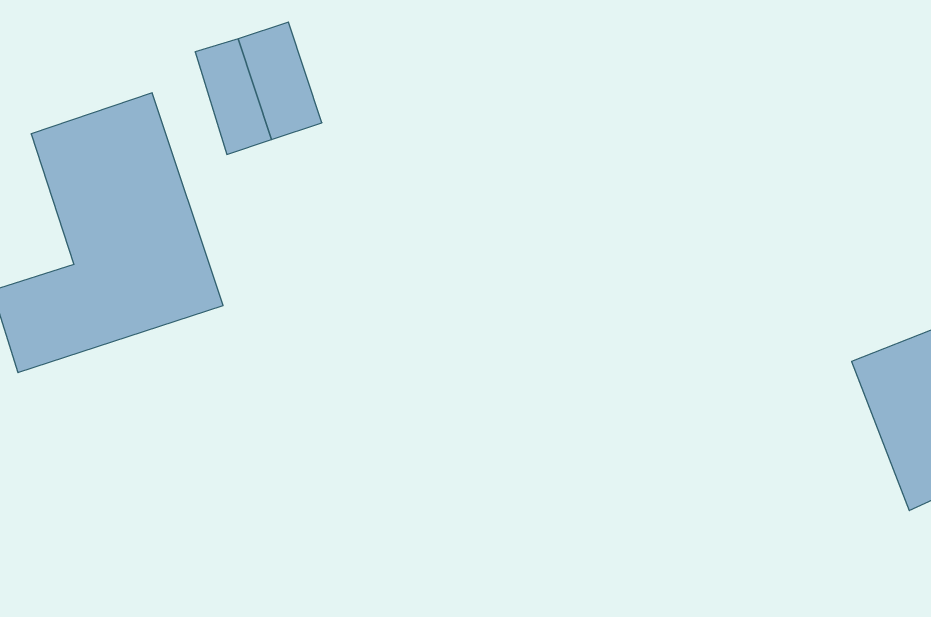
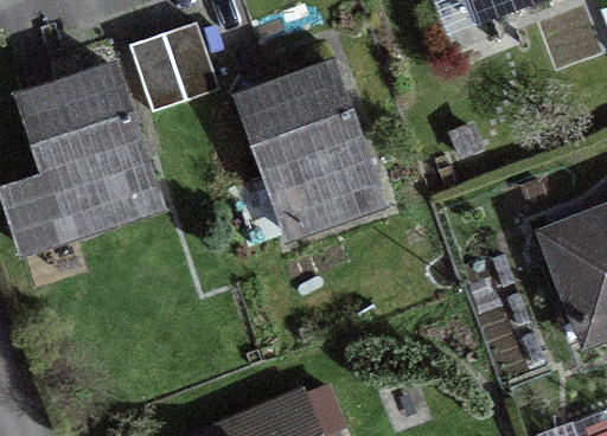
building: none -> [241,75,369,222]

